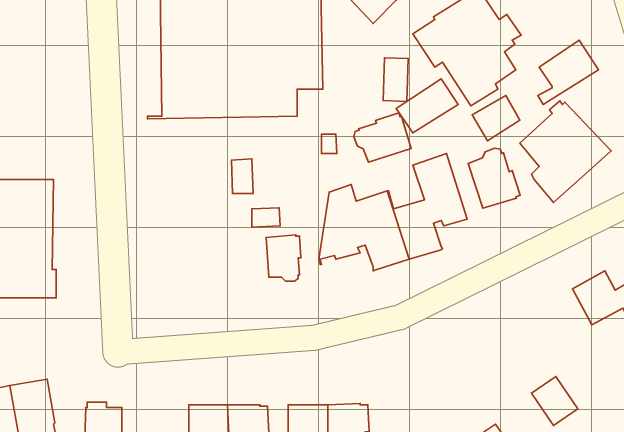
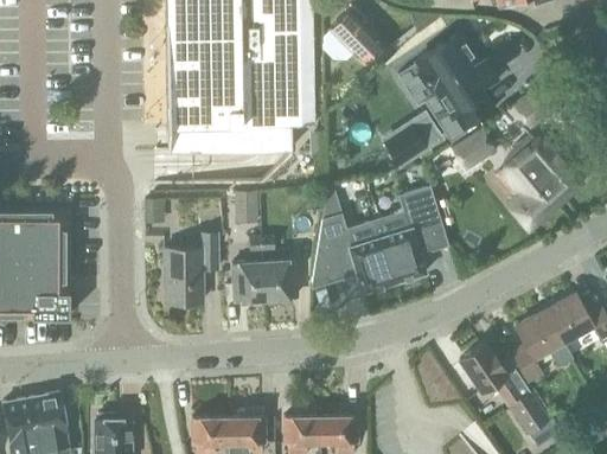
building: [383,58,408,101] -> none
building: [354,113,411,162] -> none
building: [468,148,520,208] -> none
building: none -> [164,231,218,301]
building: none -> [231,261,264,303]
building: none -> [509,308,571,382]
building: none -> [459,341,519,399]

